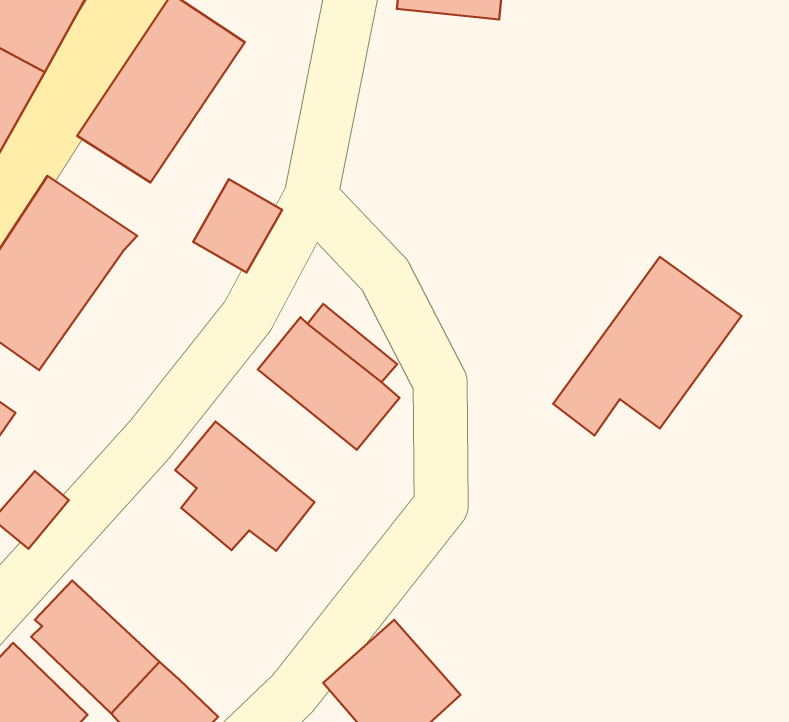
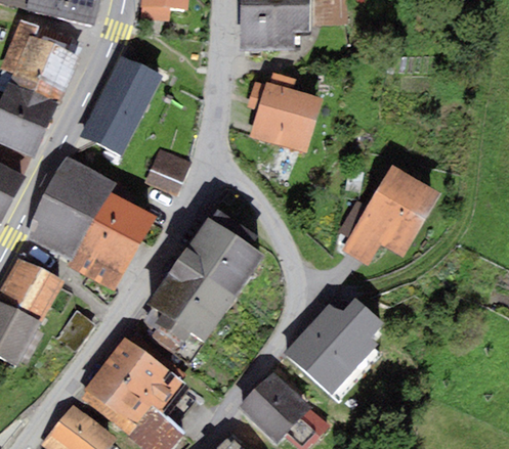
building: none -> [247,73,322,152]
building: none -> [68,191,156,290]
building: none -> [167,246,243,313]
building: none -> [283,298,383,395]
building: none -> [100,336,185,413]

